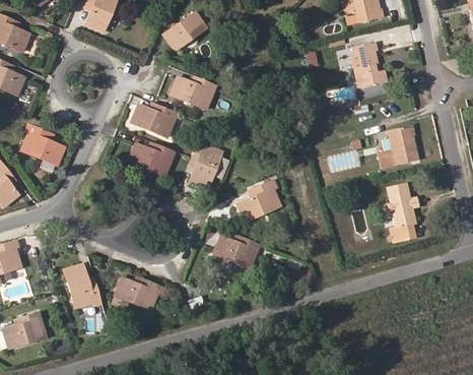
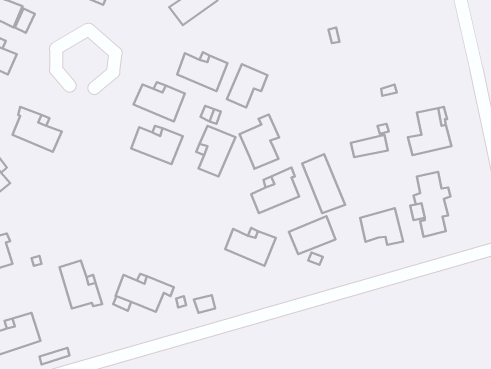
building: [350,42,386,87] -> none
building: none -> [227,64,267,107]
building: none -> [240,115,279,169]
building: none -> [302,154,345,213]
building: none -> [360,208,403,245]
building: none -> [289,216,335,254]

